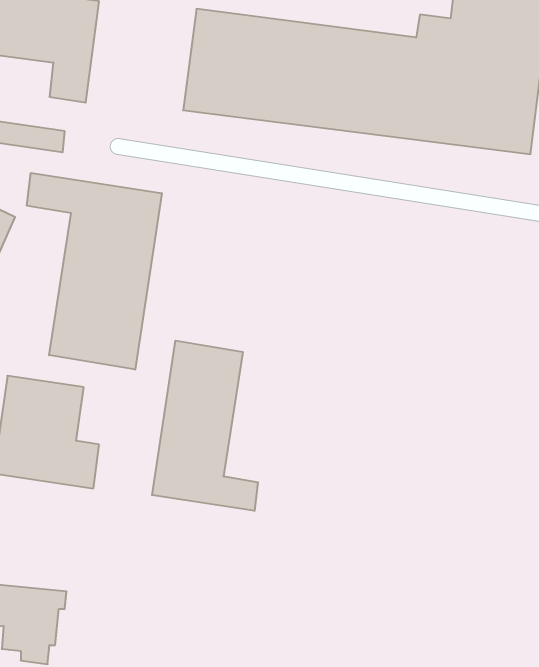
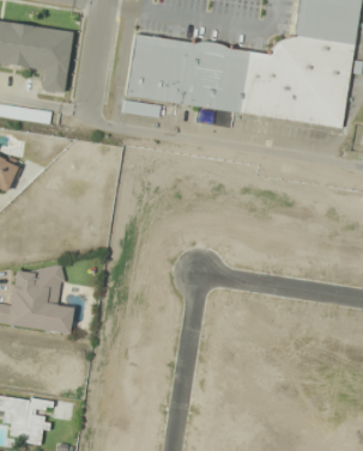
building: [27,173,162,370] -> none
building: [152,341,258,511] -> none

